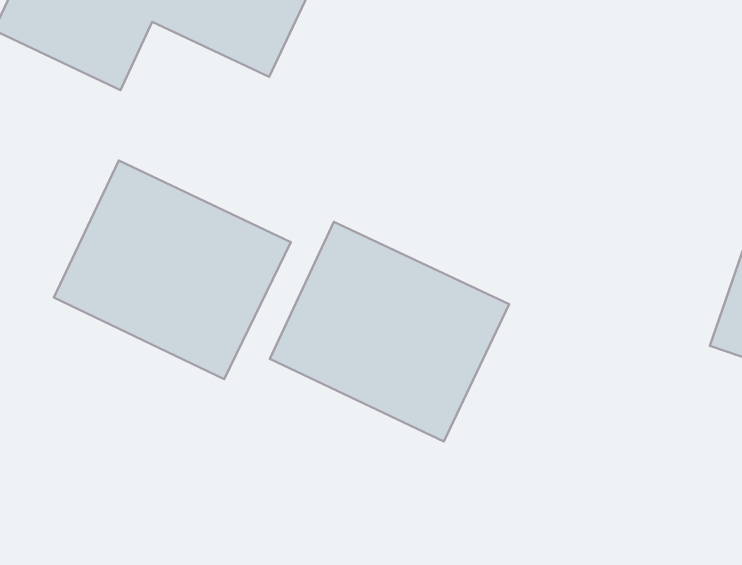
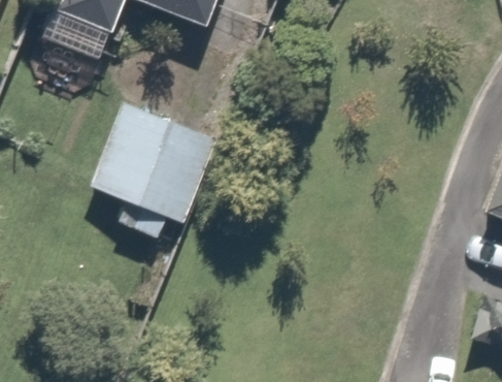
building: [270,222,509,442] -> none

